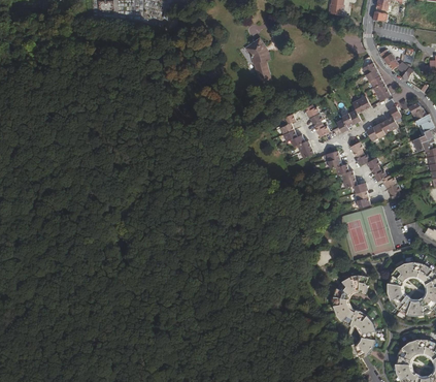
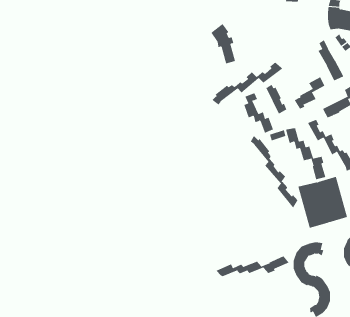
building: none -> [212,62,283,105]
building: none -> [250,135,298,208]
building: none -> [216,256,289,277]

